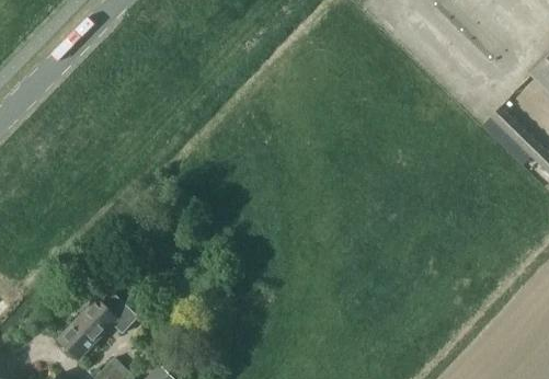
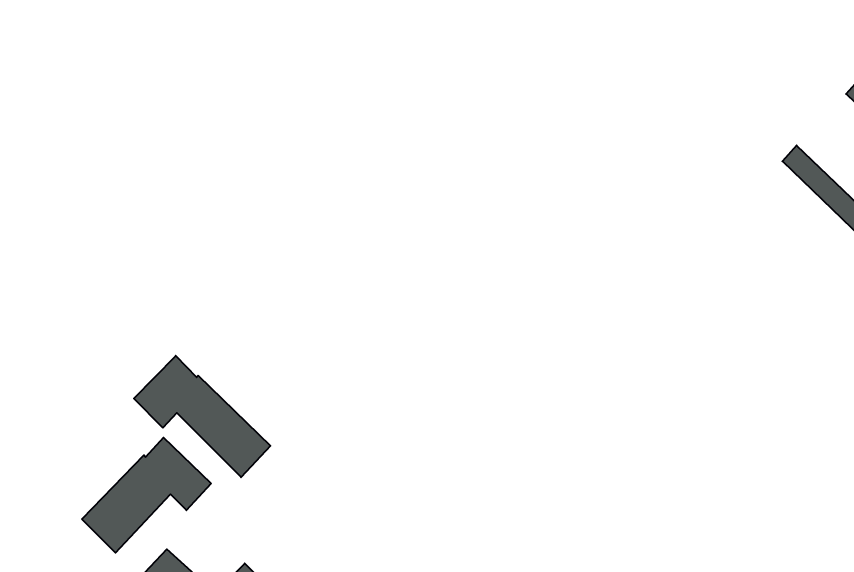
building: none -> [134,356,270,477]

